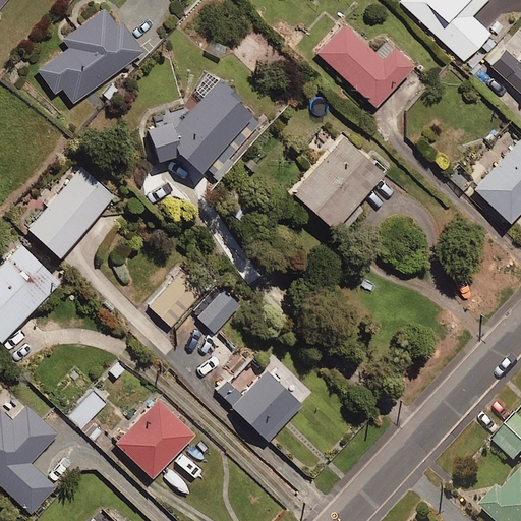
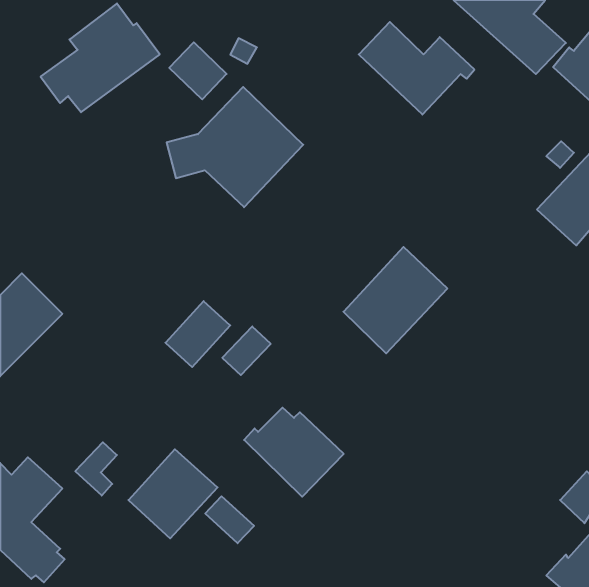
building: none -> [169,42,227,99]
building: [293,135,385,229] -> [343,247,447,353]
building: [27,168,113,254] -> none
building: none -> [205,496,254,543]

